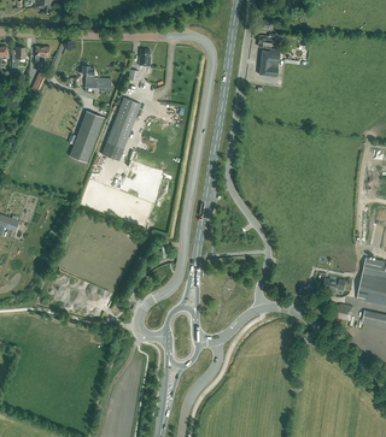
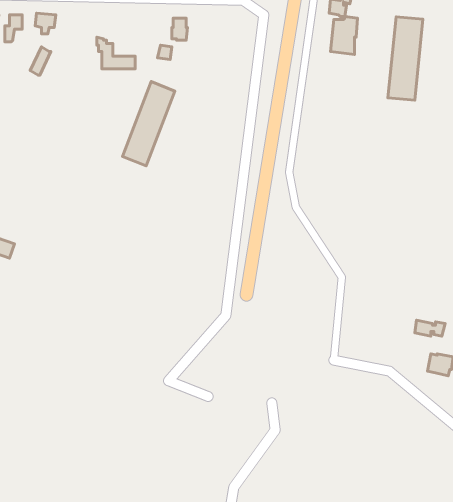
building: none -> [388,17,423,100]
building: [69,111,103,164] -> none

